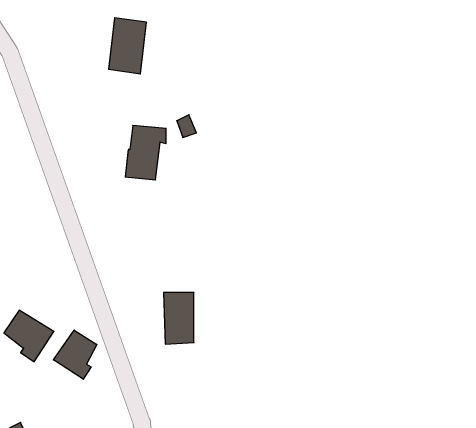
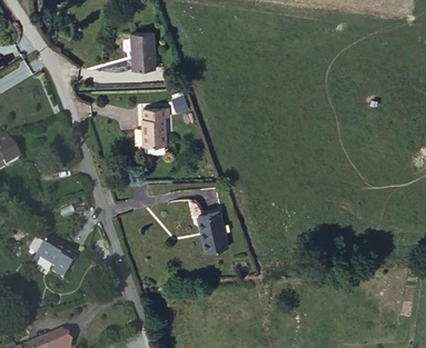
building: [164,293,194,344] -> [198,220,220,258]
building: [53,330,97,379] -> none

